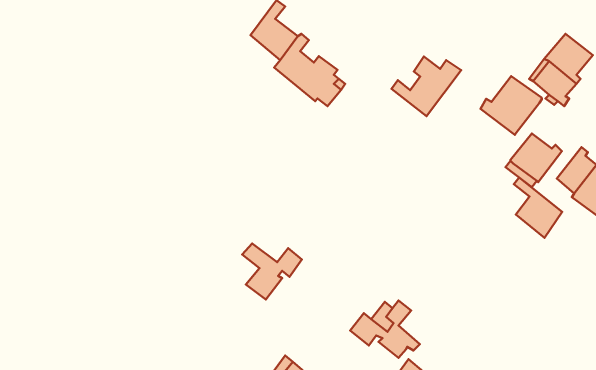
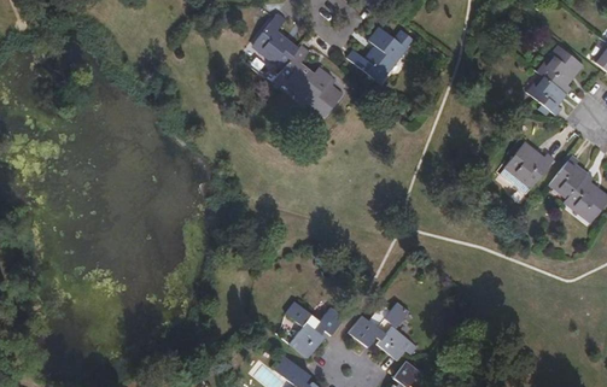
building: [391,56,461,116] -> [346,27,414,84]
building: [481,76,542,135] -> none
building: [514,178,562,238] -> none
building: [242,243,302,299] -> [285,304,343,358]

